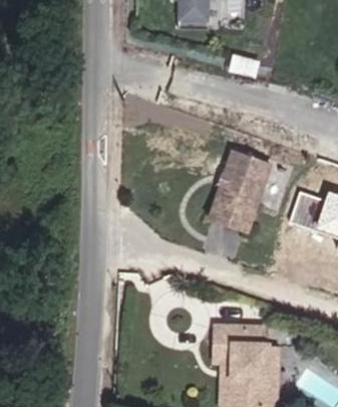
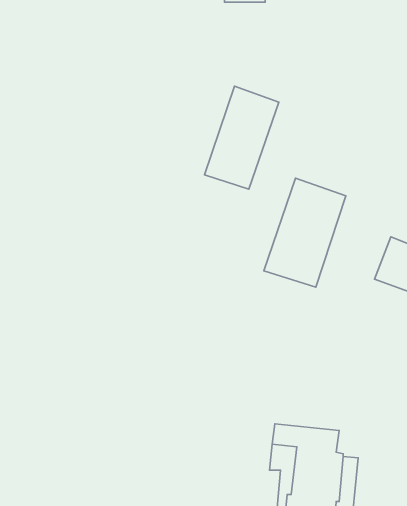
building: none -> [204,86,279,189]

